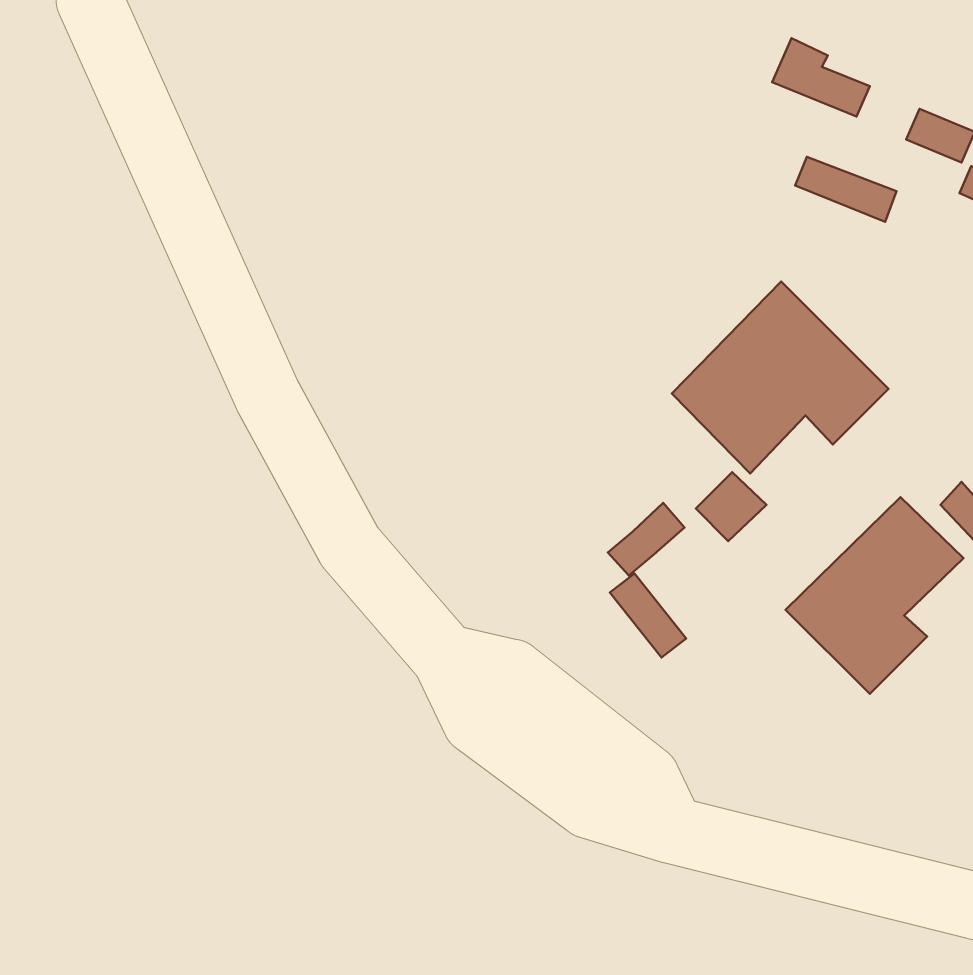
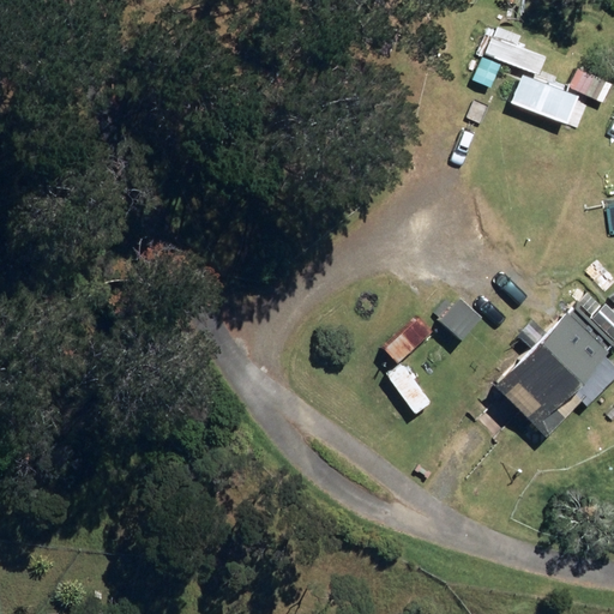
building: [672,282,888,474] -> none

